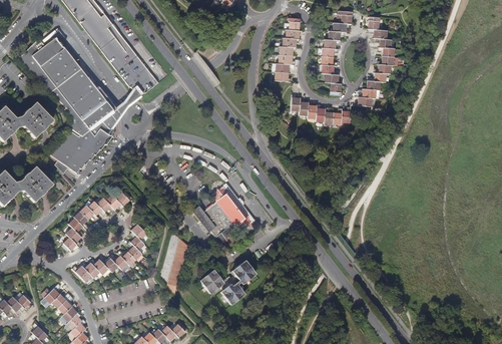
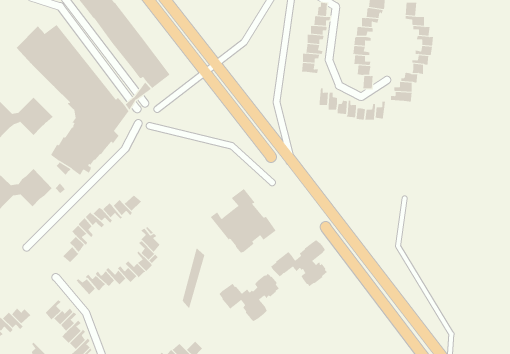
building: none -> [271,239,328,287]

